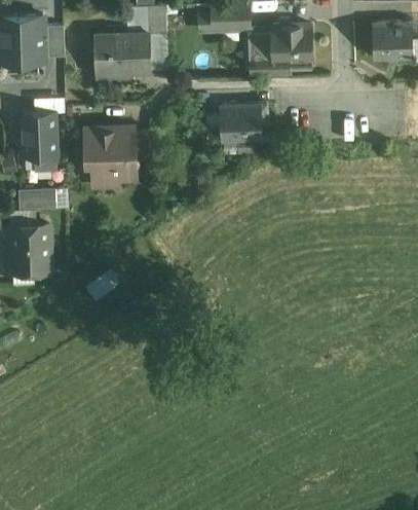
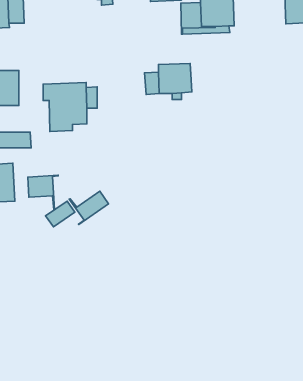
building: [93,34,150,73] -> none
building: none -> [28,175,58,210]
building: none -> [69,191,109,225]

